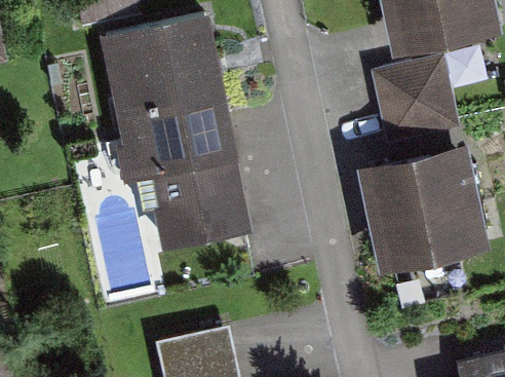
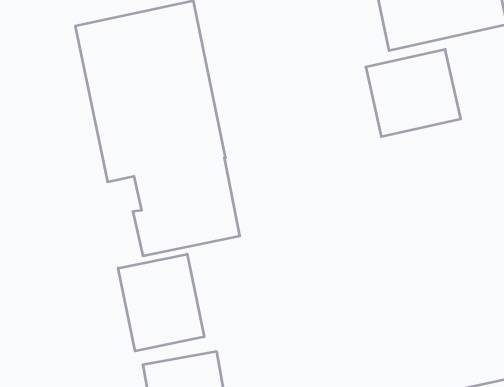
building: [370,156,489,276] -> none
building: none -> [118,254,204,351]

